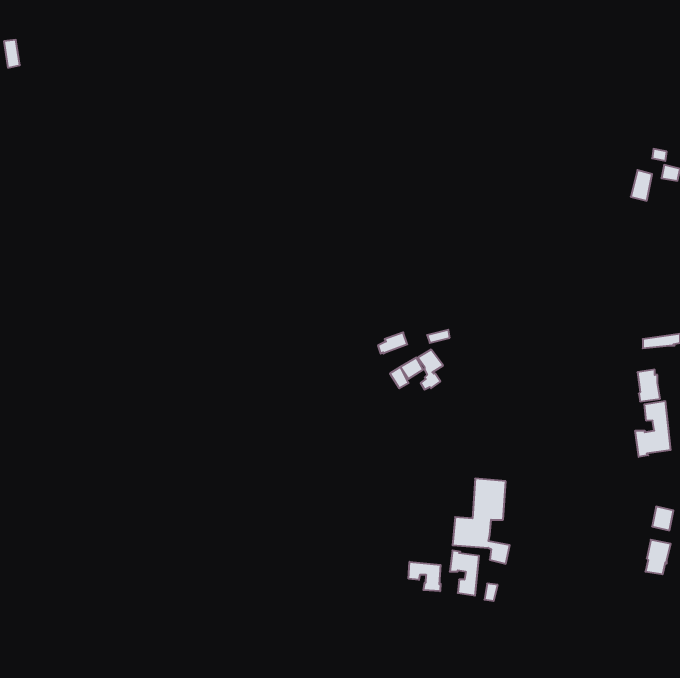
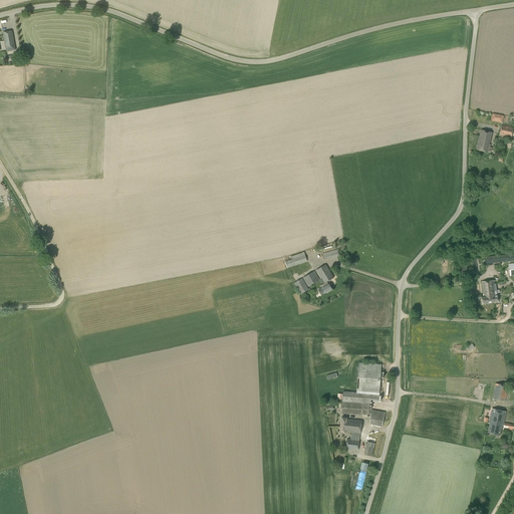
building: [635,401,671,457] -> none
building: [409,562,441,591] -> none

